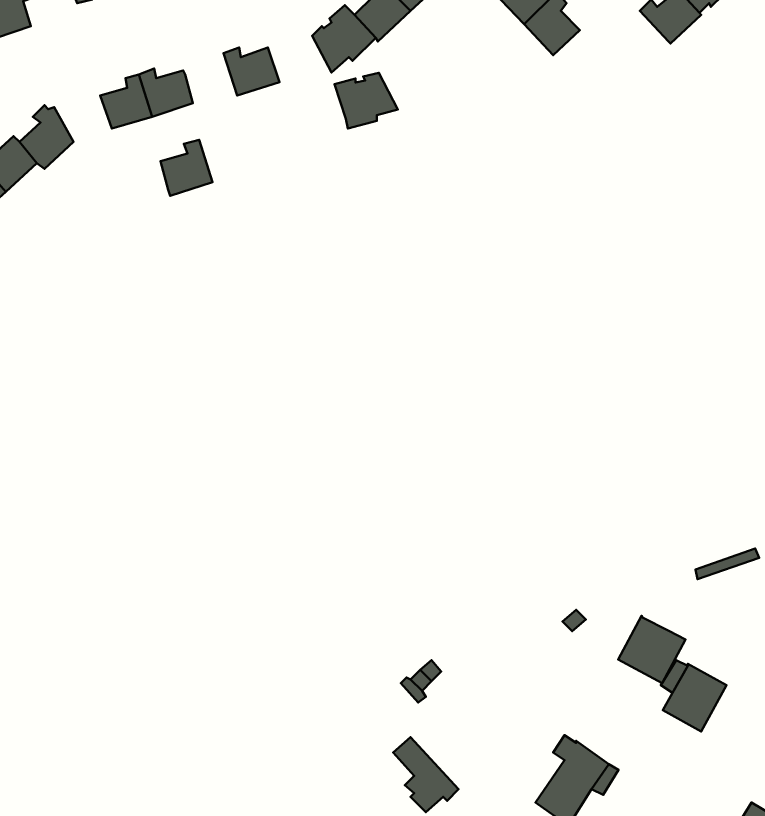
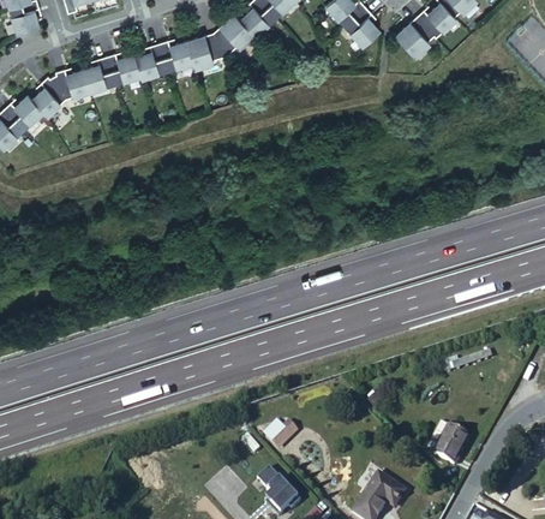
building: none -> [397,17,436,56]
building: [334,73,398,129] -> [186,32,226,67]
building: none -> [53,68,89,99]
building: [161,140,213,196] -> [134,43,167,78]
building: [618,616,685,683] -> none

